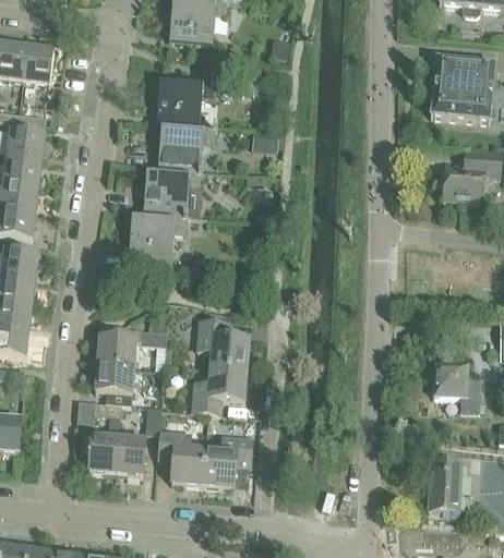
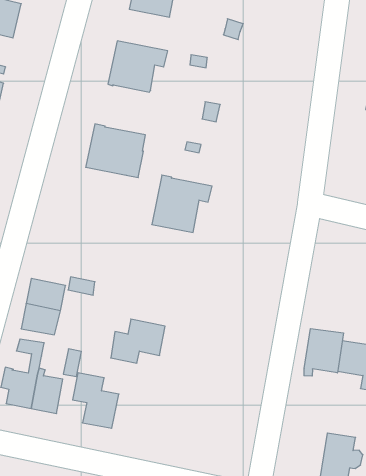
building: [158,121,216,170] -> none
building: [128,209,187,266] -> [152,175,212,232]
building: [197,320,250,369] -> none
building: none -> [304,329,343,376]
building: [203,435,252,487] -> none

